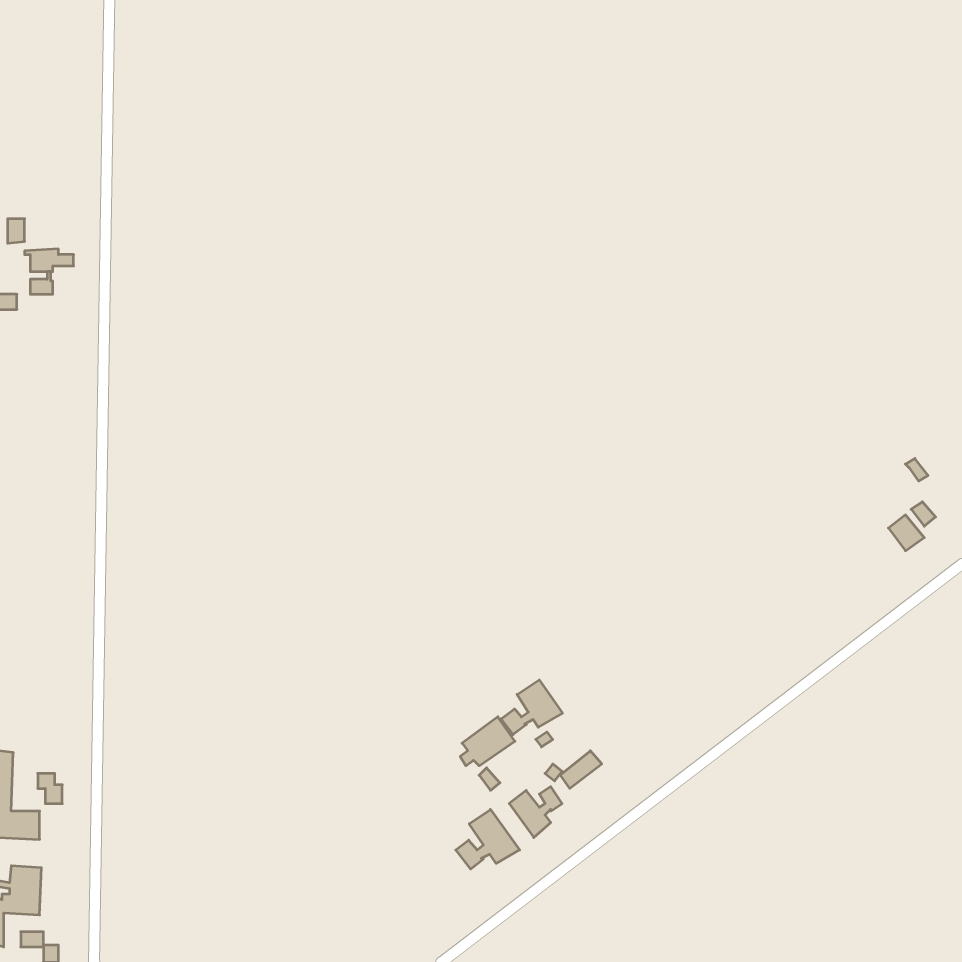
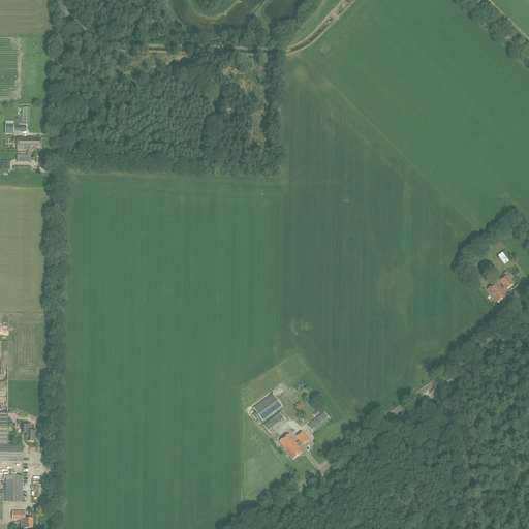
building: [501,680,562,735] -> none
building: [456,809,520,869] -> none

